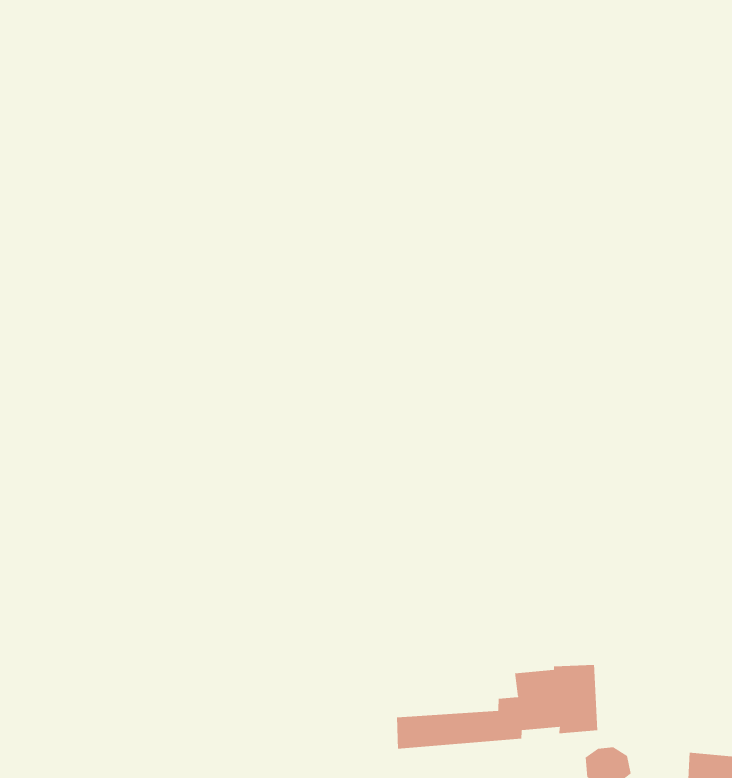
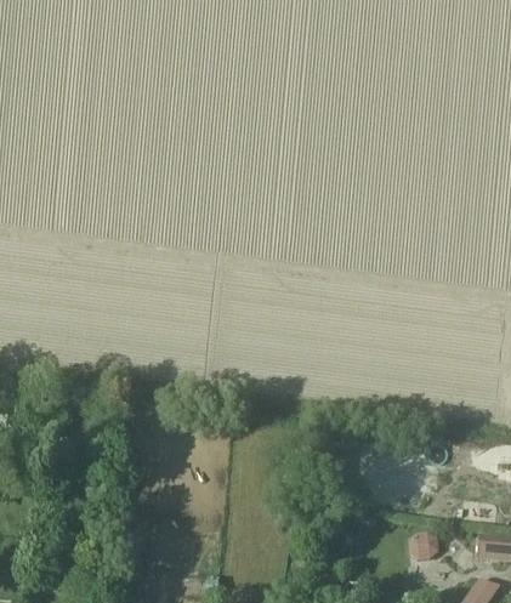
building: [397,664,598,749] -> none

